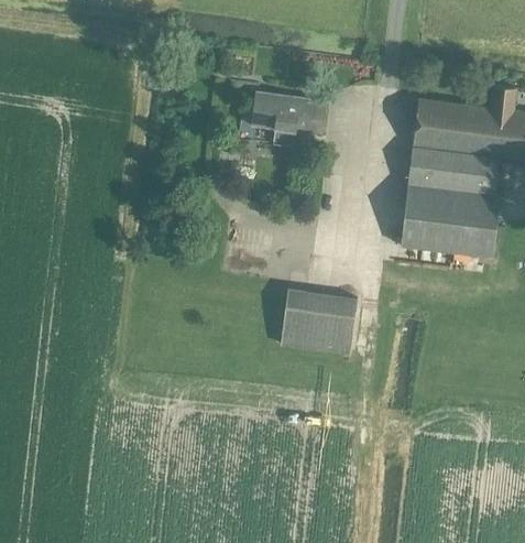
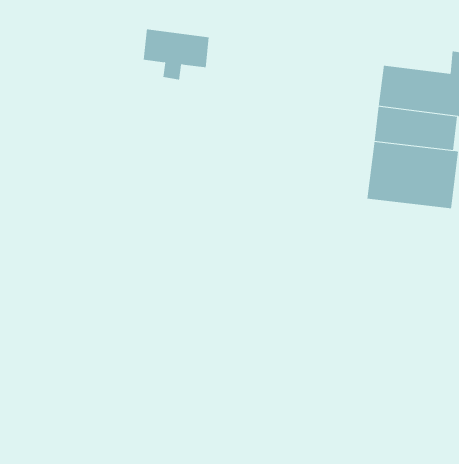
building: [253,91,325,146] -> [143,29,210,80]
building: [281,289,357,354] -> none

